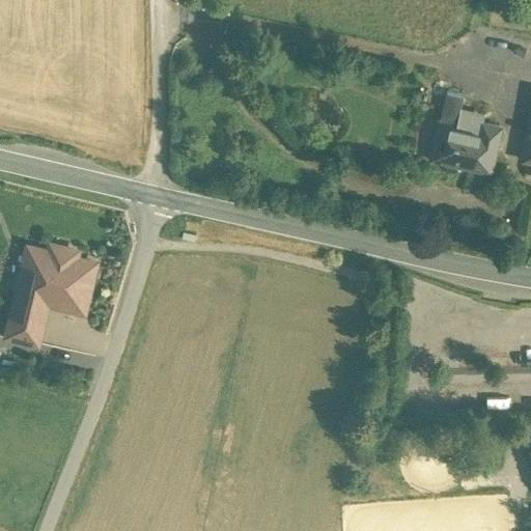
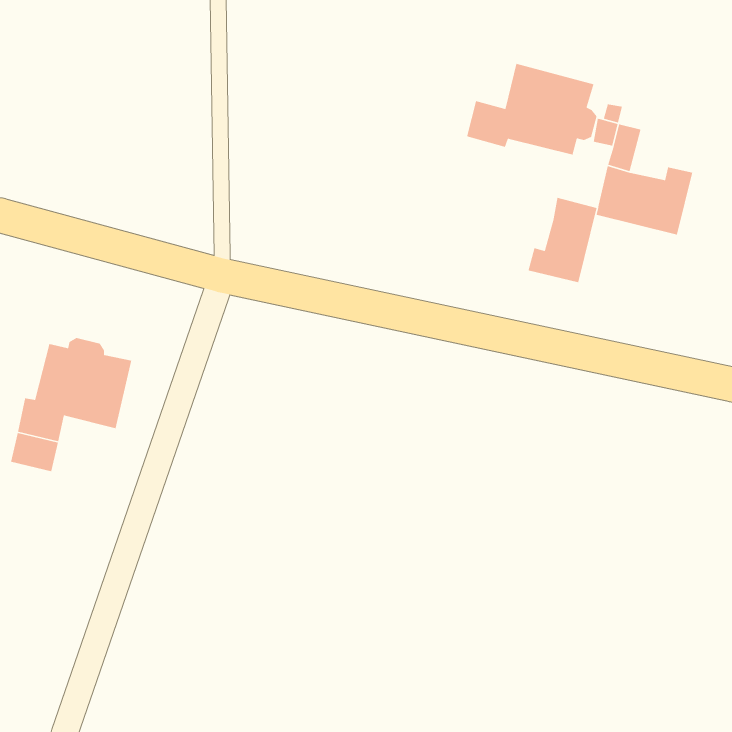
building: none -> [466,63,598,155]
building: none -> [527,197,597,283]

